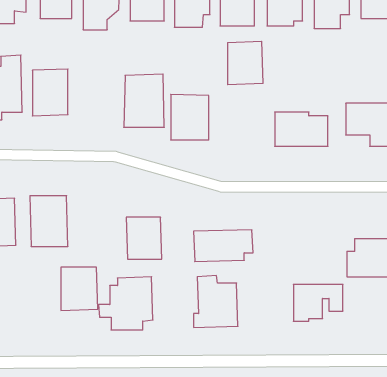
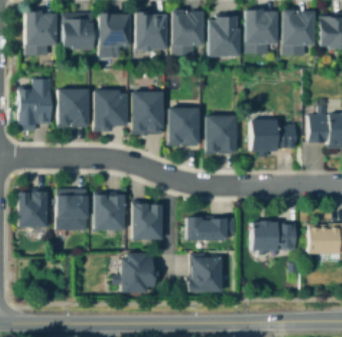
building: [228,41,263,85] -> [208,117,236,151]
building: none -> [93,91,126,130]
building: [61,267,98,310] -> [95,197,124,231]
building: [293,284,343,321] -> [253,224,293,253]

